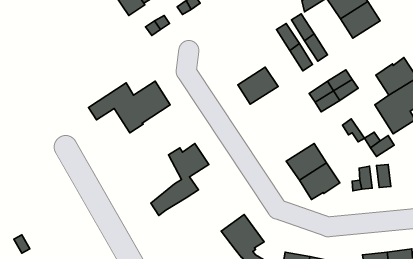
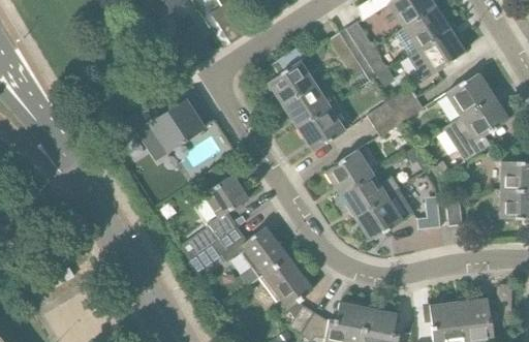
building: none -> [418,29,465,73]
building: none -> [269,60,315,104]
building: none -> [298,106,345,151]
building: none -> [325,149,373,194]
building: none -> [198,225,290,277]

